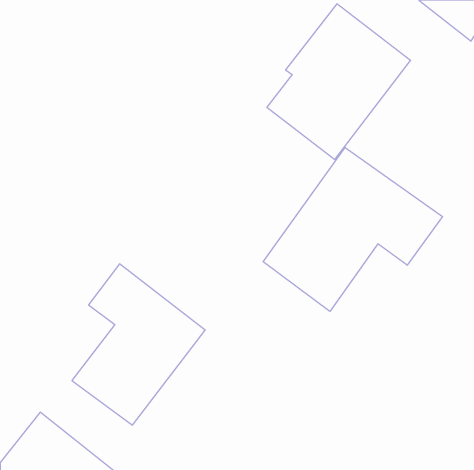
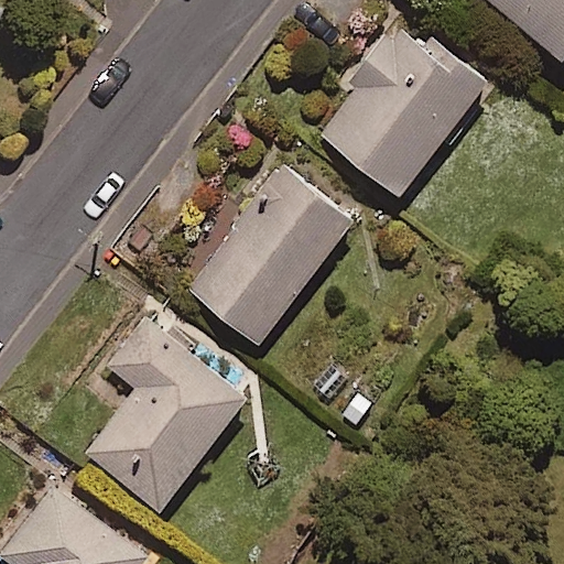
building: none -> [187,163,354,345]
building: [263,147,443,311] -> none

